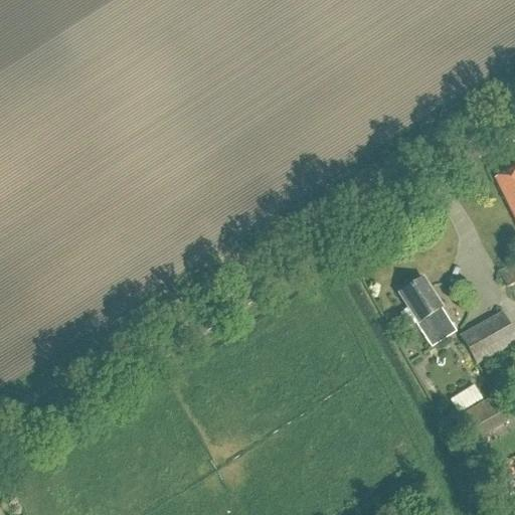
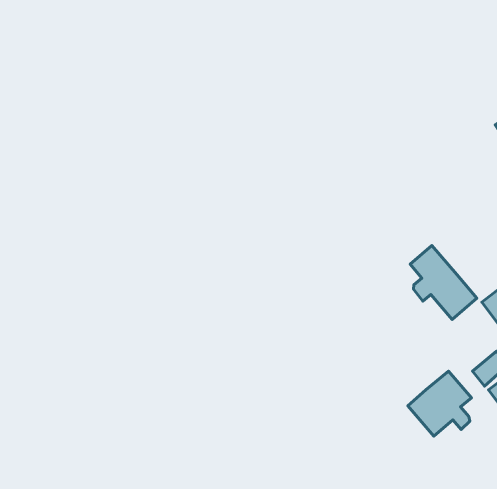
building: none -> [408,371,471,436]

